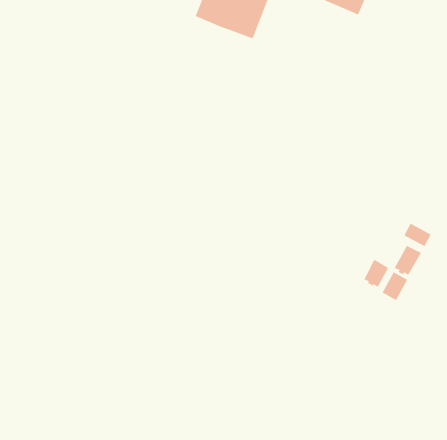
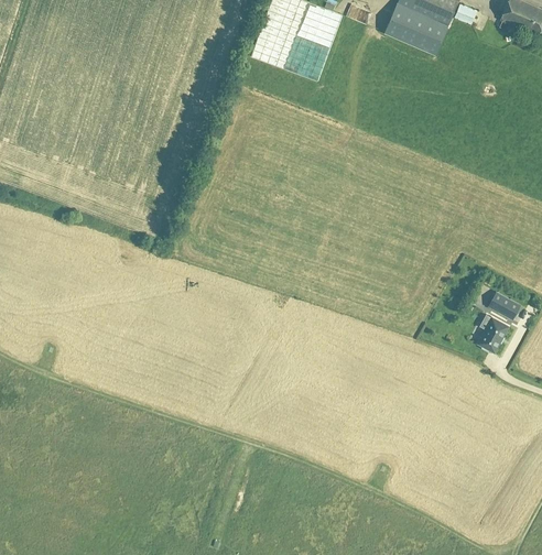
building: [364,259,389,288] -> none
building: [382,272,408,301] -> none

